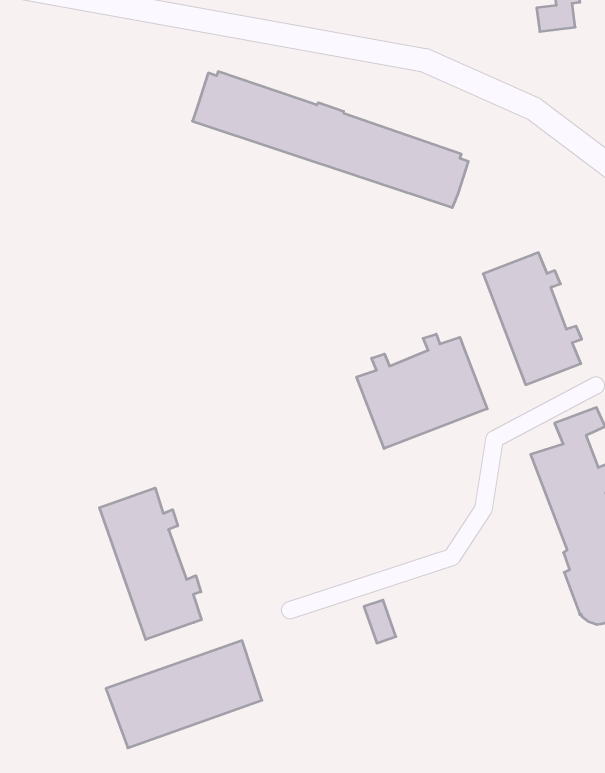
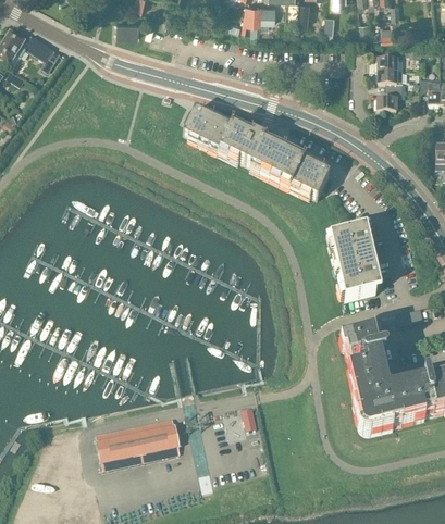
building: [357,334,487,449] -> none
building: [99,488,201,640] -> none

